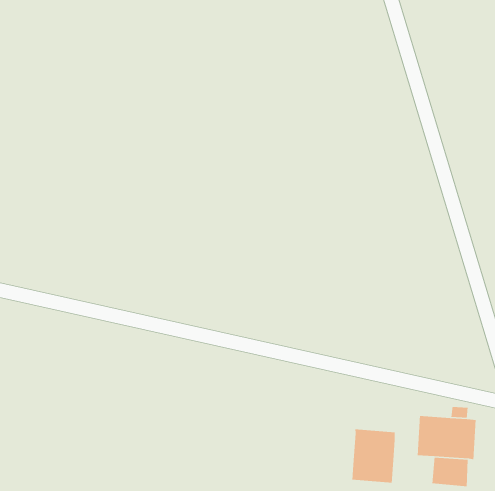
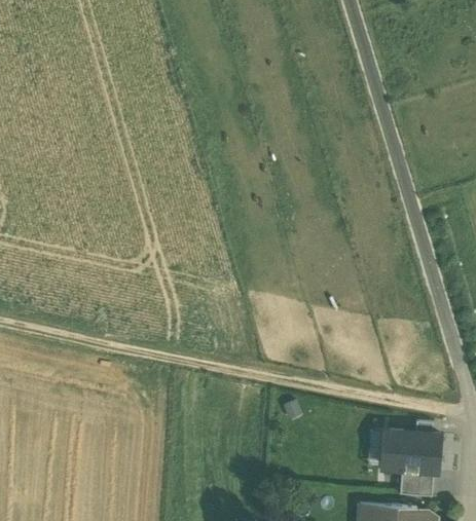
building: [351,428,396,484] -> none

